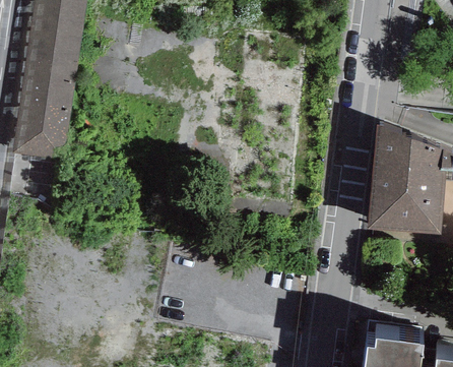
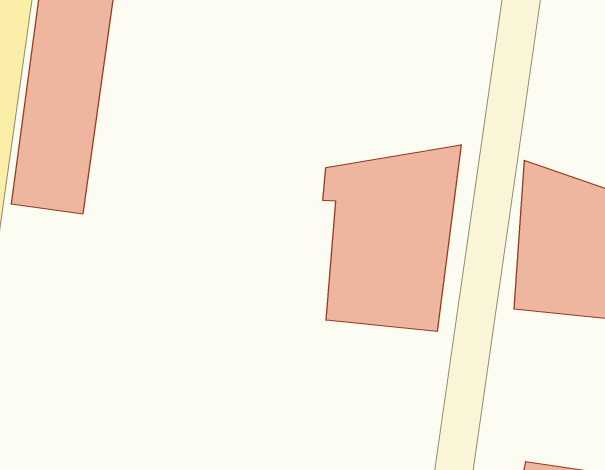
building: none -> [323,145,461,331]

